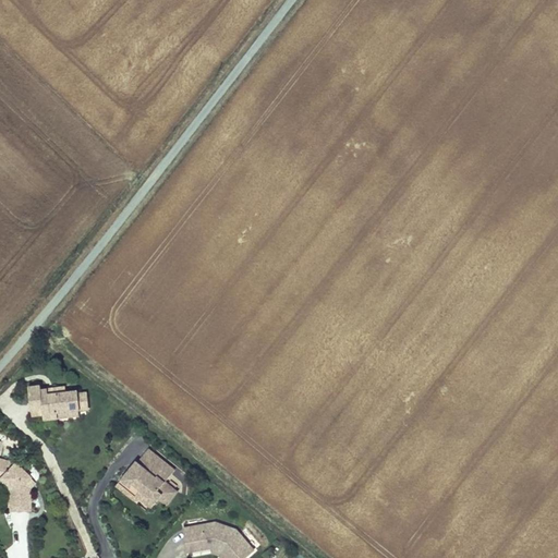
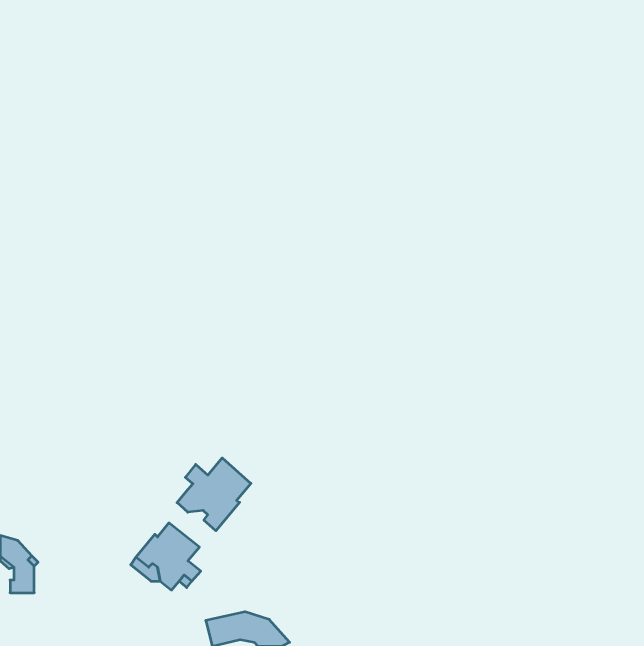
building: [26,387,78,420] -> none
building: none -> [177,458,251,531]

